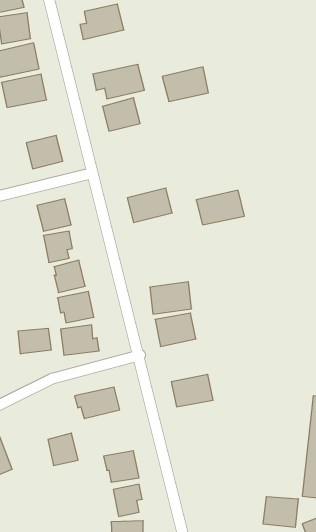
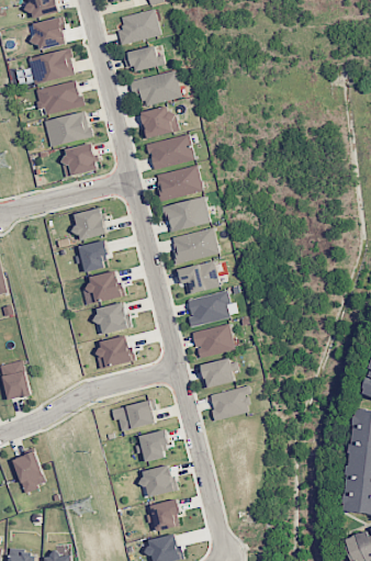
building: none -> [122,45,162,71]
building: [162,67,208,101] -> [146,134,193,169]
building: none -> [43,110,91,147]
building: none -> [154,166,202,200]
building: [196,190,244,225] -> [169,227,218,262]
building: none -> [178,260,220,295]
building: [18,328,51,354] -> none
building: none -> [199,358,237,389]
building: [48,433,78,465] -> [138,429,169,462]
building: [263,496,298,527] -> none

